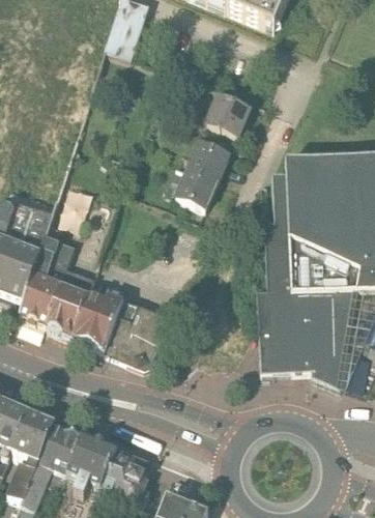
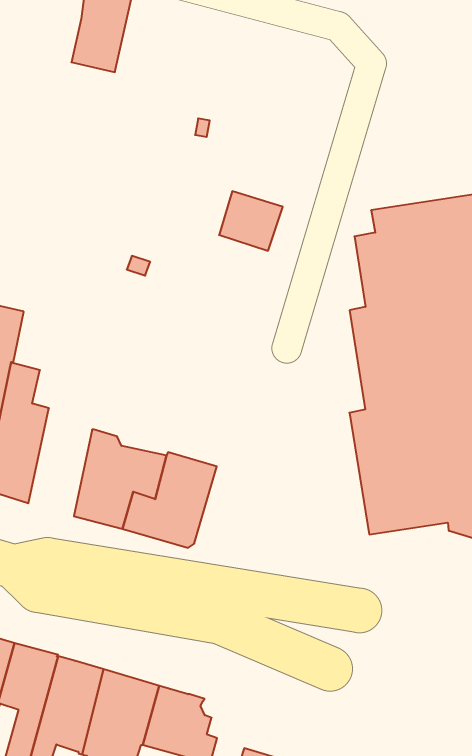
building: [206,92,248,132] -> none
building: [174,165,215,204] -> none
building: [46,263,94,334] -> none

